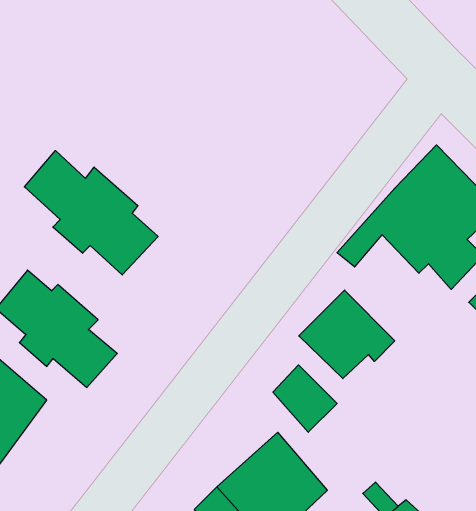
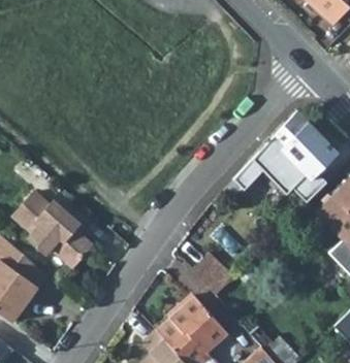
building: [24,151,158,275] -> none
building: [299,290,395,379] -> none

